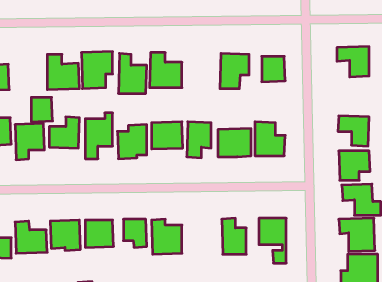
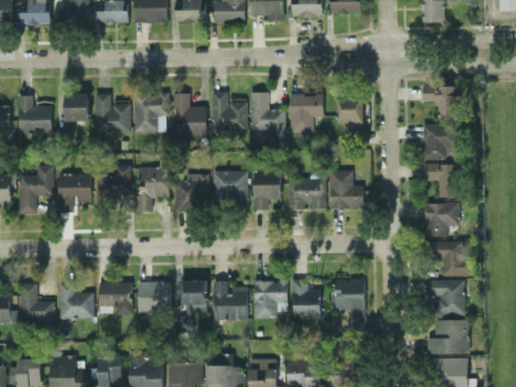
building: none -> [249,92,286,140]
building: none -> [422,123,456,160]
building: [31,97,53,122] -> [65,94,89,121]
building: none -> [254,280,288,318]

